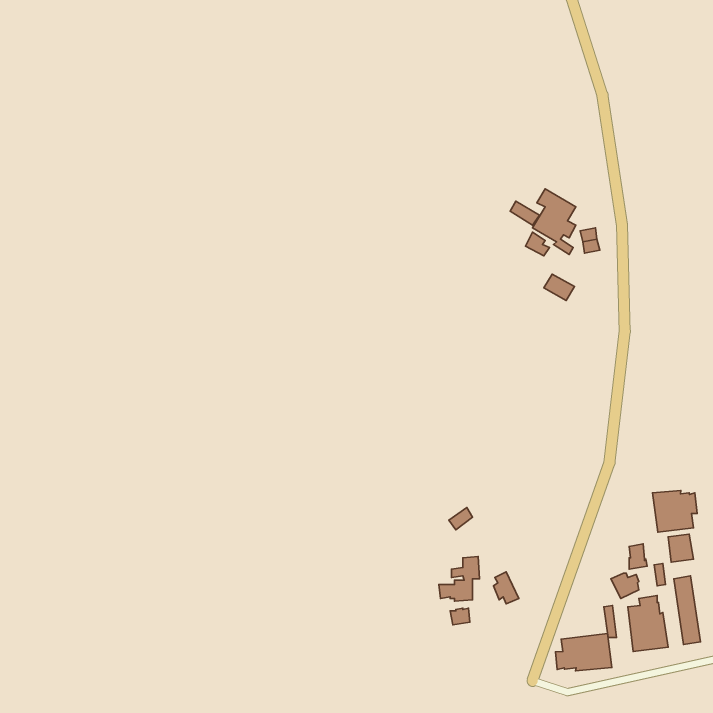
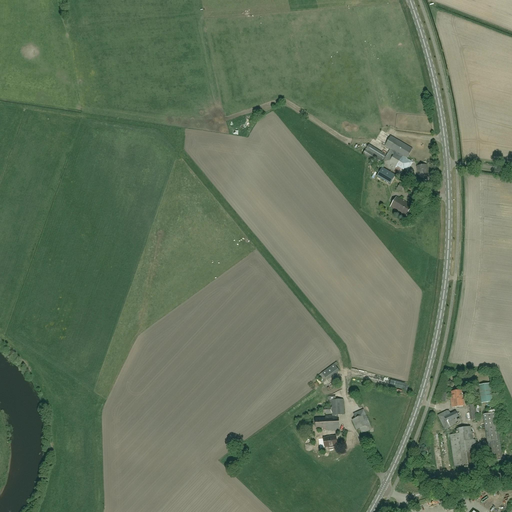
building: [653,491,697,532] -> none
building: [556,633,612,671] -> none

